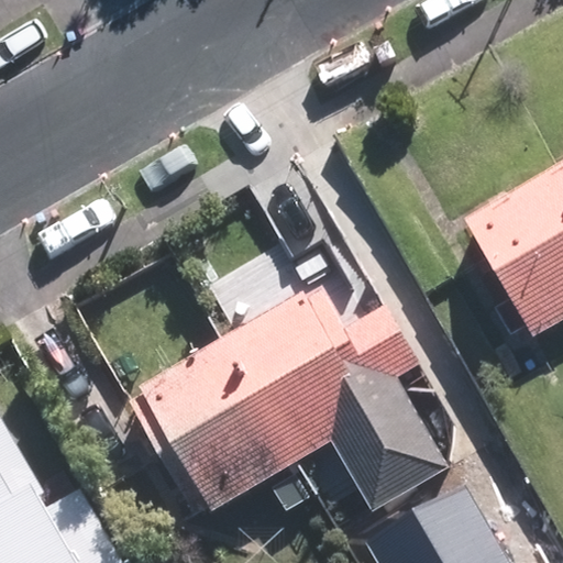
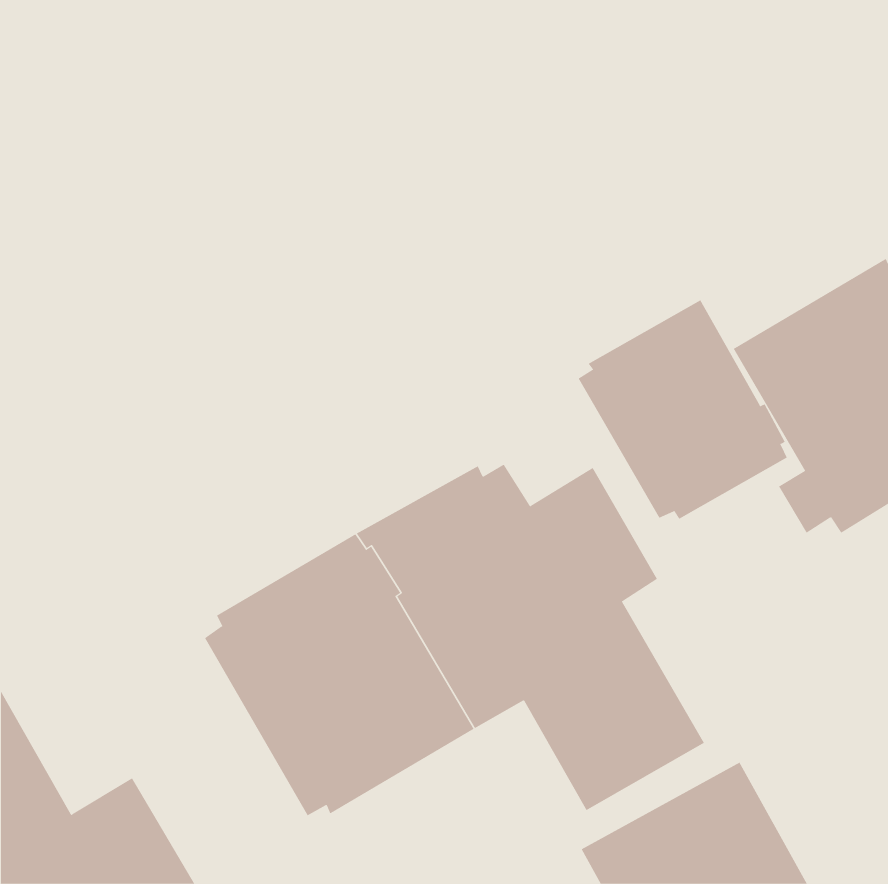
building: none -> [578,300,788,519]

